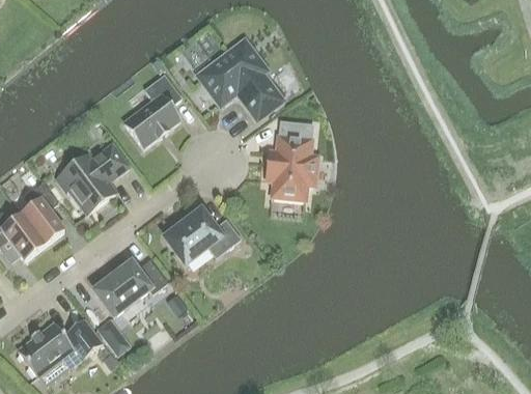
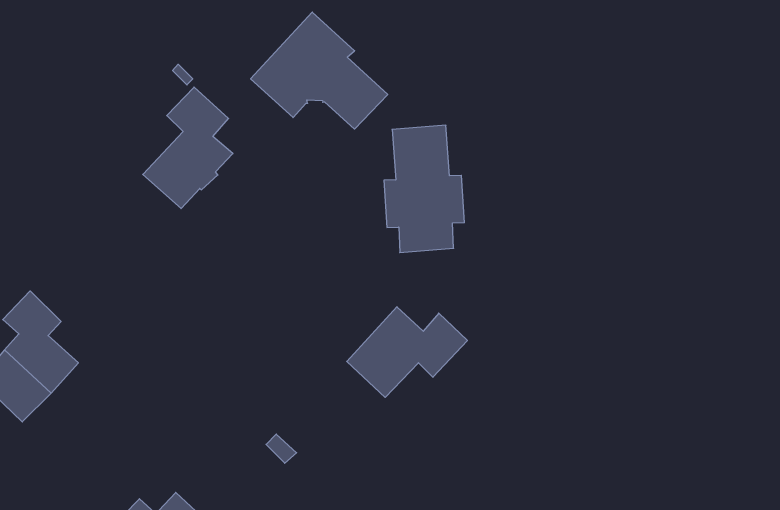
building: [56,143,129,213] -> none
building: [164,210,240,264] -> [347,307,467,397]
building: [93,260,166,316] -> none

